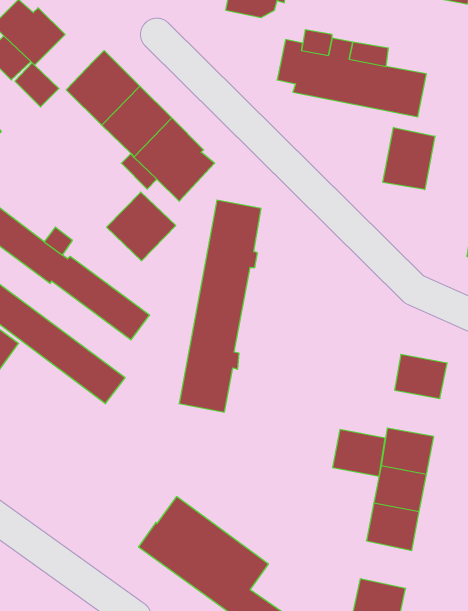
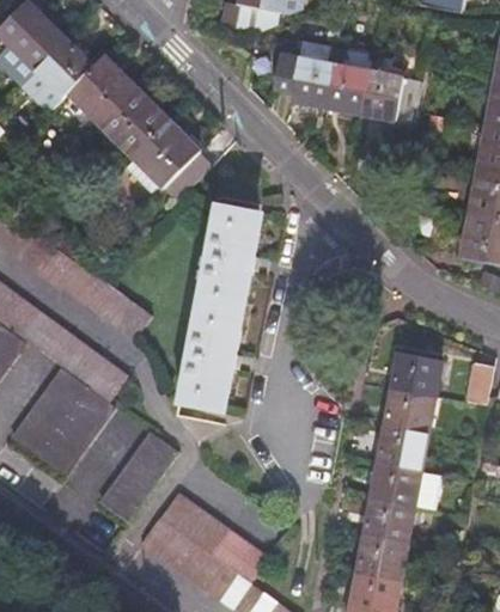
building: none -> [38,42,96,99]
building: [383,127,435,190] -> none
building: [107,192,176,261] -> none
building: none -> [10,368,112,475]
building: [333,430,385,476] -> [383,388,434,434]
building: none -> [99,433,175,520]
building: none -> [356,536,407,582]

